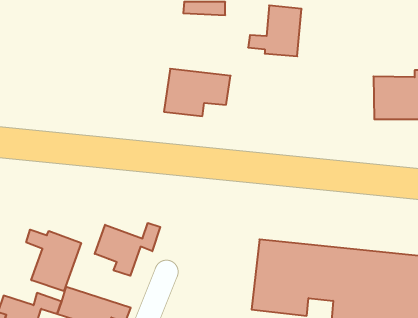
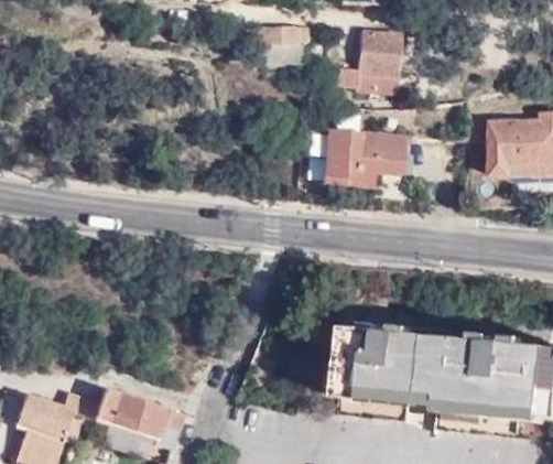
building: [164,69,231,116] -> [323,128,406,187]
building: [95,223,160,276] -> none
building: [26,230,81,291] -> none

